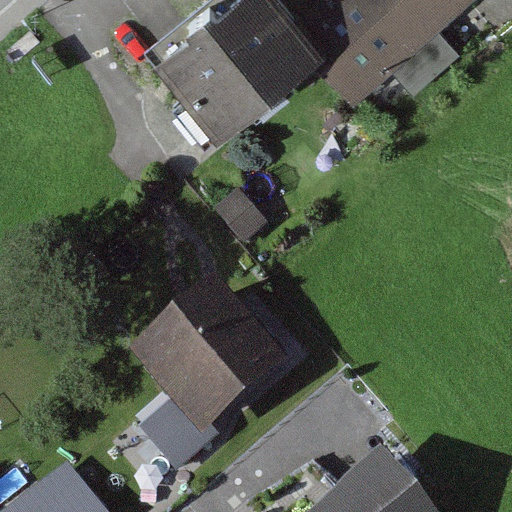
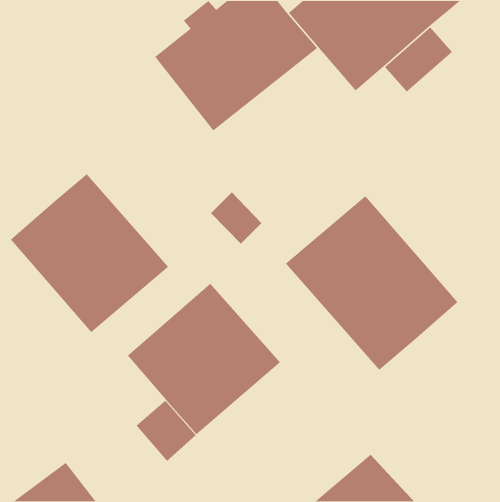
building: none -> [10,173,169,333]
building: none -> [285,195,459,371]

